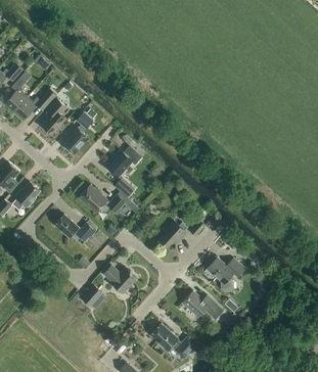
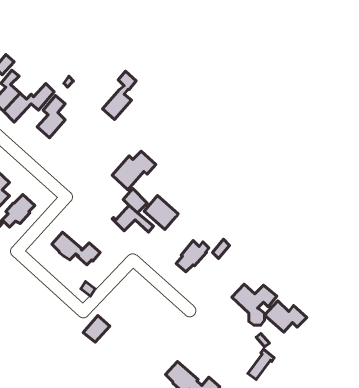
building: [63,112,92,153] -> [102,71,136,120]
building: [79,184,107,213] -> [144,196,178,229]
building: [103,265,137,293] -> none
building: [182,290,218,317] -> [265,301,307,332]

